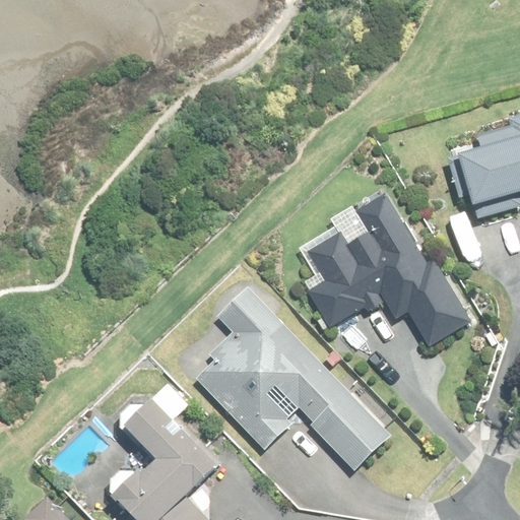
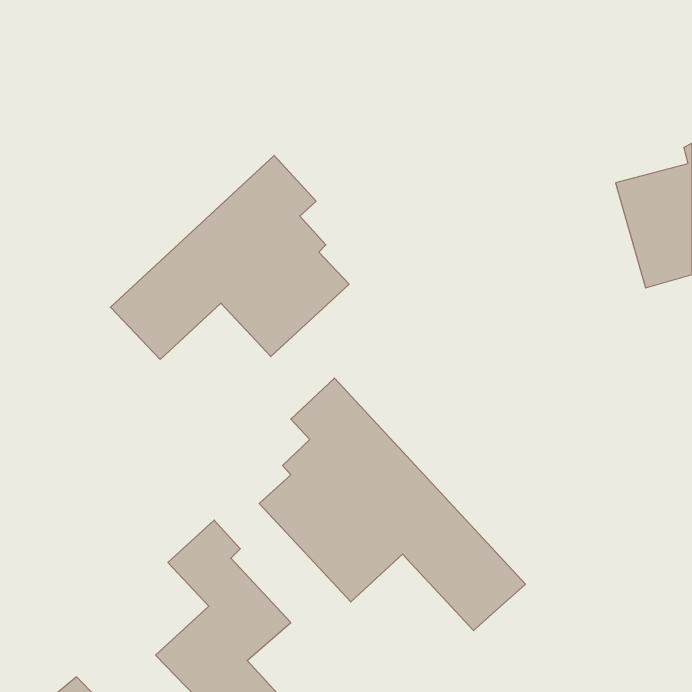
building: none -> [110,155,349,359]
building: [299,188,479,349] -> none

